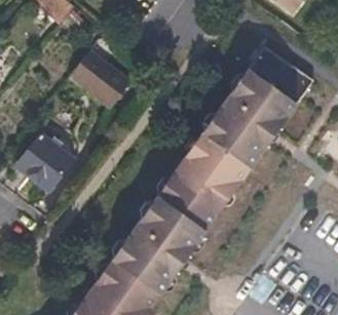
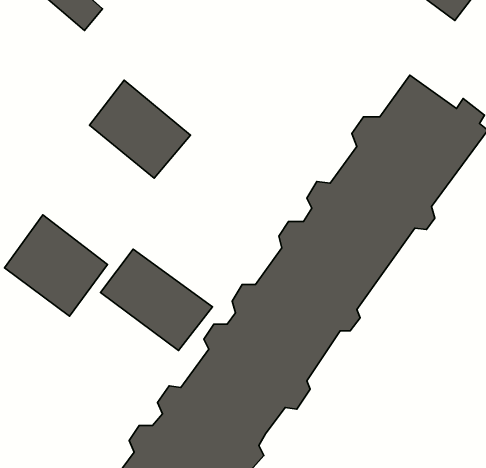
building: none -> [101,249,212,350]

